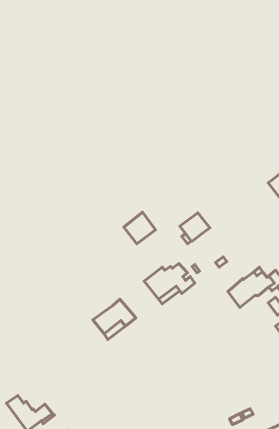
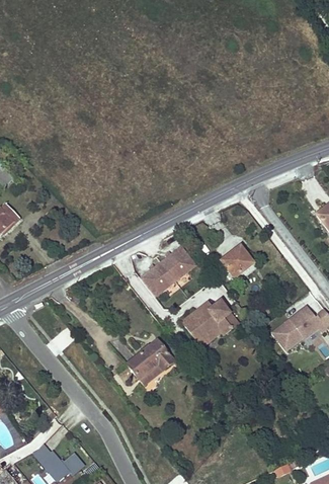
building: none -> [141,262,174,296]

